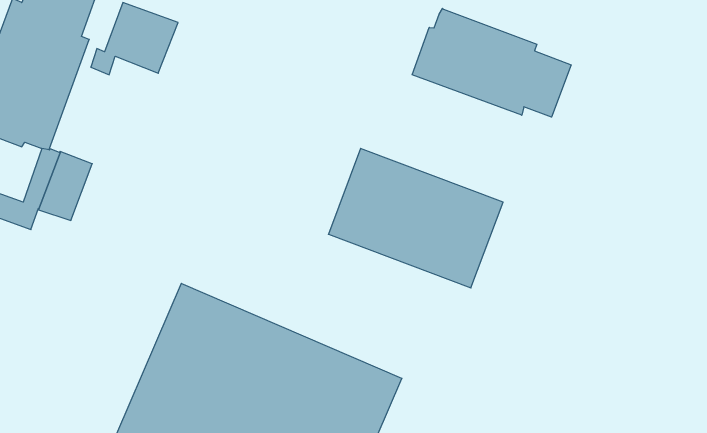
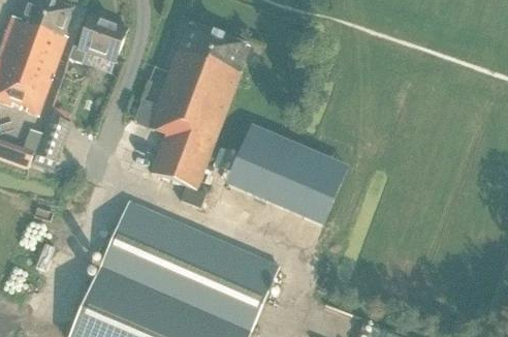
building: [412,8,571,117] -> none
building: none -> [146,26,248,211]

